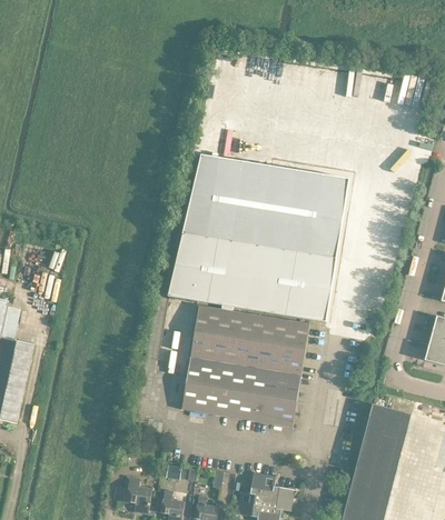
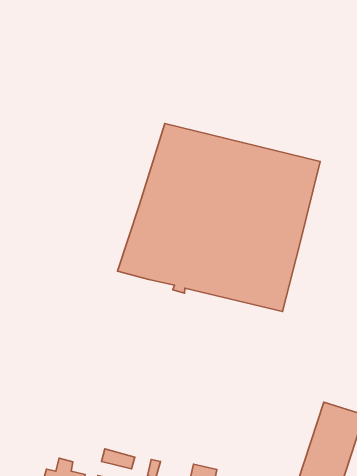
building: [182,306,309,427] -> none

